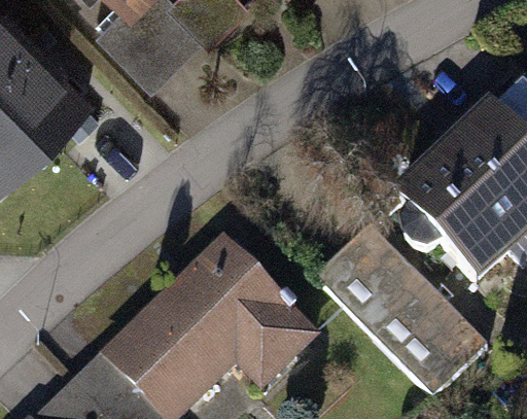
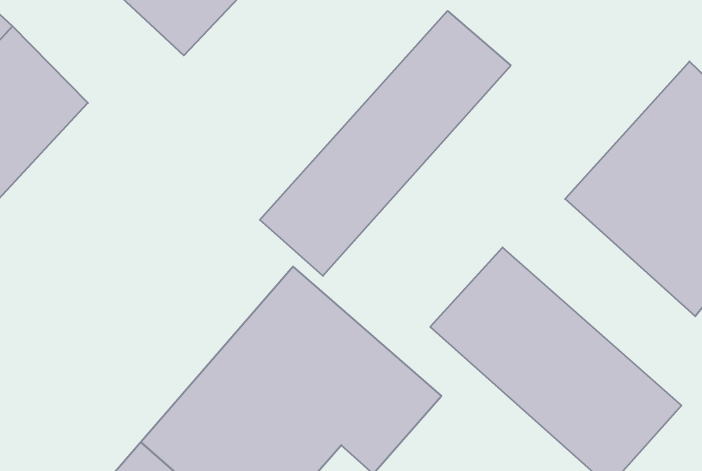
building: none -> [260,11,511,276]

